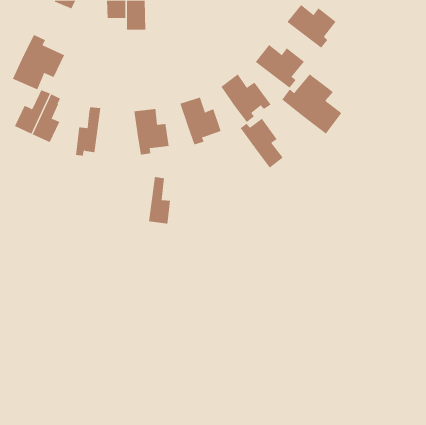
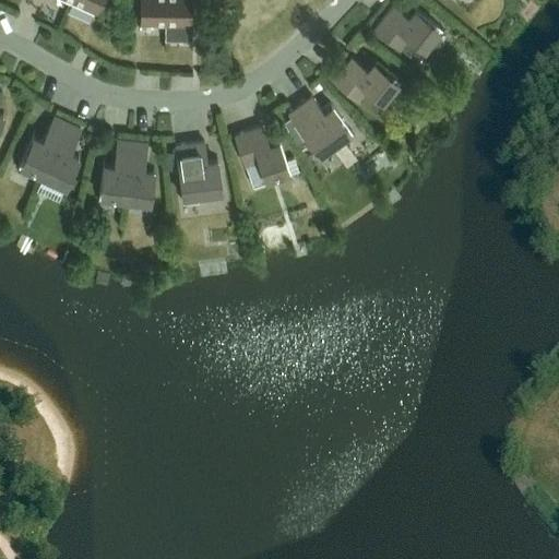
building: [12,34,65,90] -> none
building: [281,73,342,135] -> none
building: [240,118,283,169] -> none
building: [148,176,171,224] -> [126,143,155,205]

